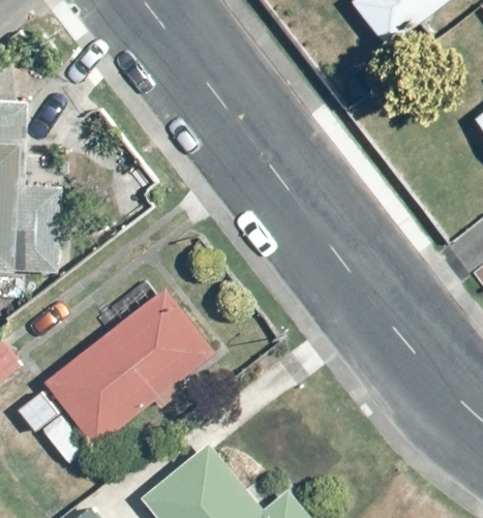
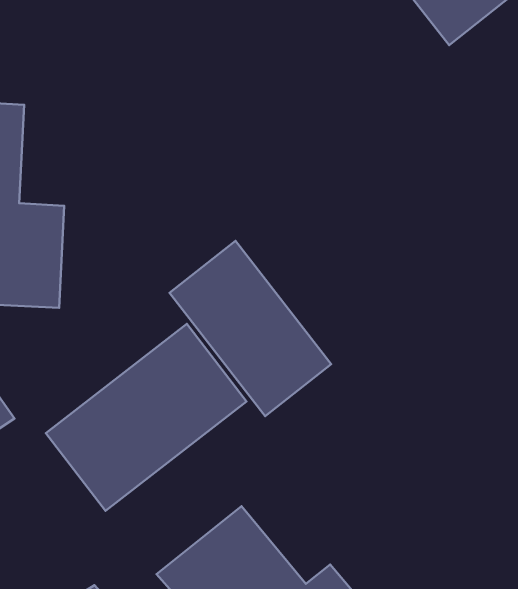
building: none -> [169,241,331,416]

